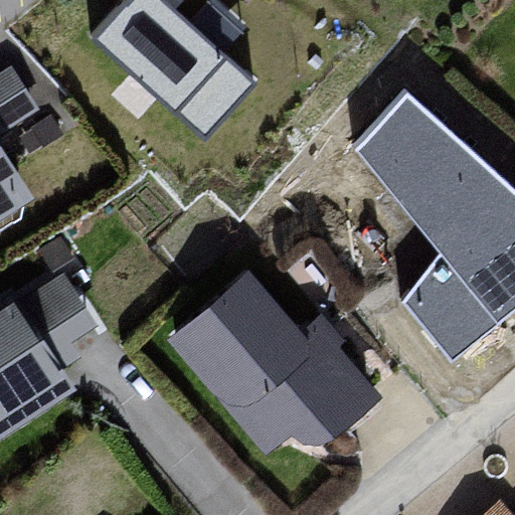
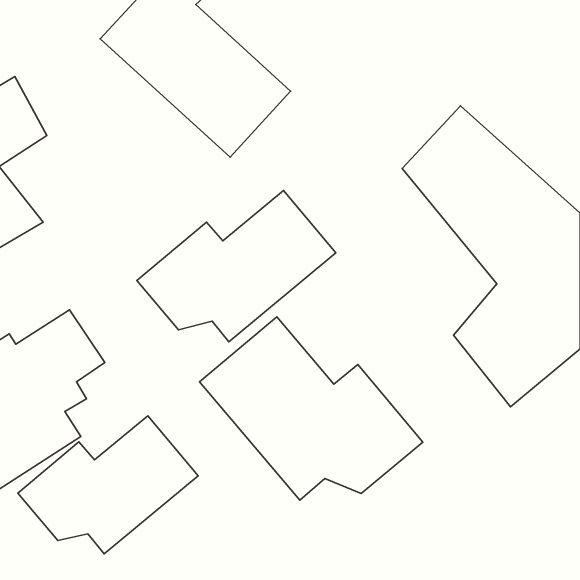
building: none -> [137,190,336,342]
building: none -> [18,416,198,554]

